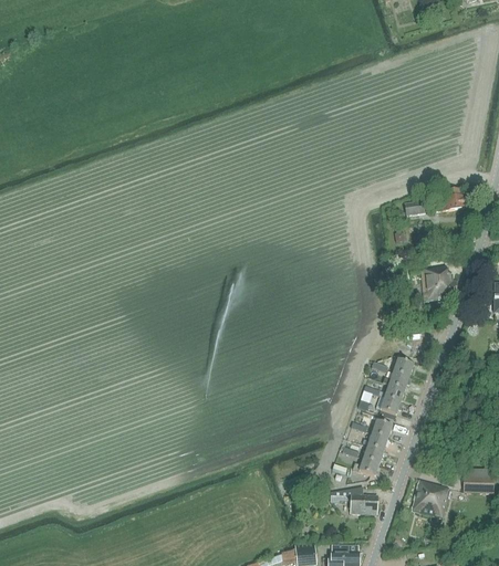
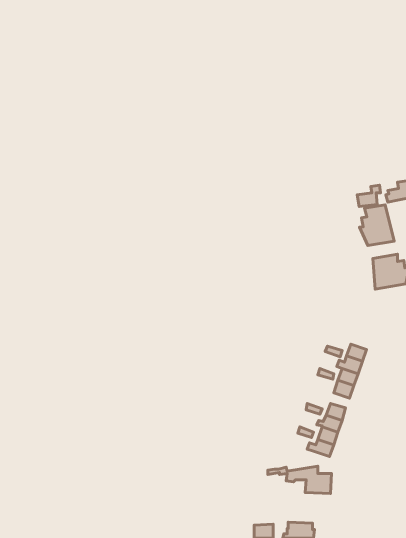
building: none -> [360,205,394,246]
building: [410,480,449,518] -> none

